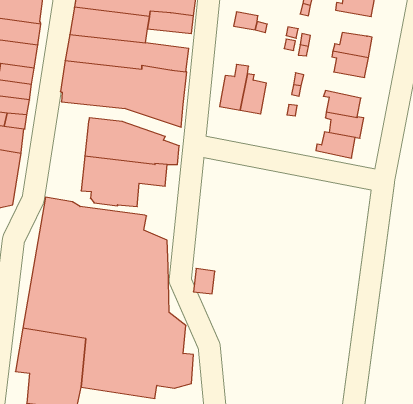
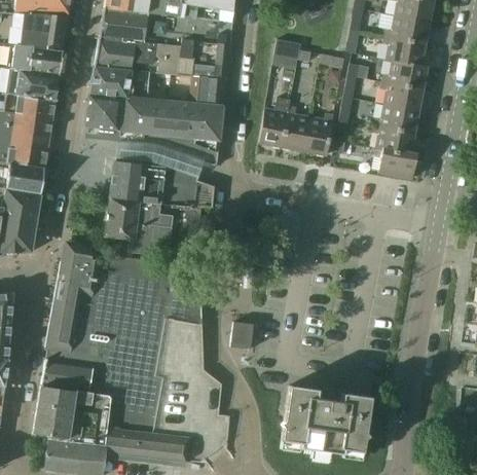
building: none -> [383,38,425,67]
building: none -> [177,59,227,80]
building: none -> [303,114,333,156]
building: [316,132,355,158] -> [374,106,417,135]
building: none -> [281,388,370,454]

